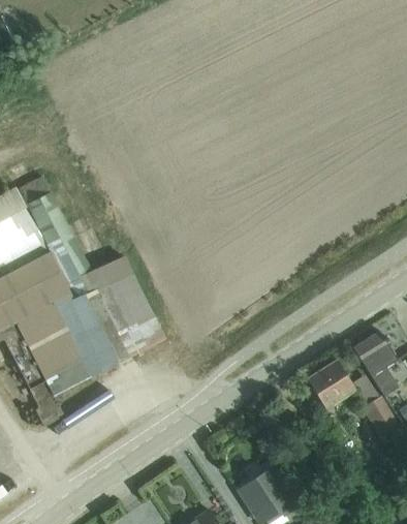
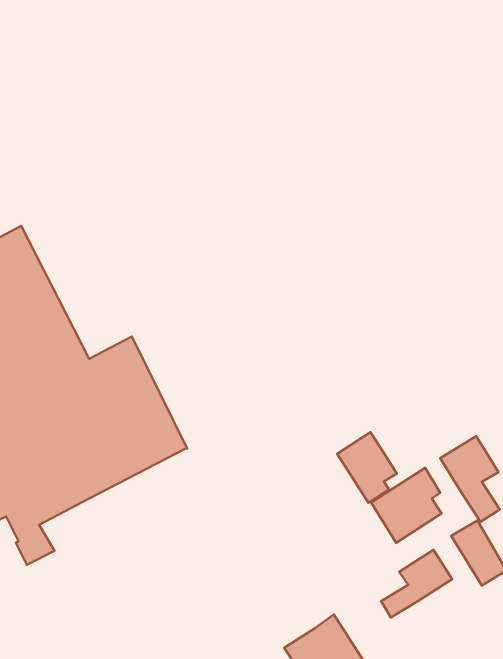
building: none -> [337,432,397,503]
building: none -> [381,550,452,618]

